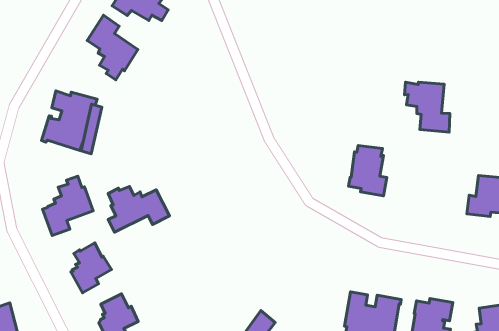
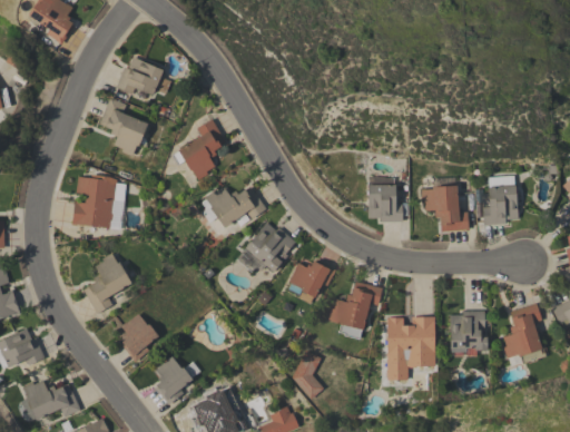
building: none -> [170,119,225,179]
building: [405,82,450,132] -> [420,185,469,232]
building: none -> [240,223,295,273]
building: [108,186,169,232] -> [205,186,266,233]
building: none -> [288,259,335,303]
building: none -> [328,282,382,340]

